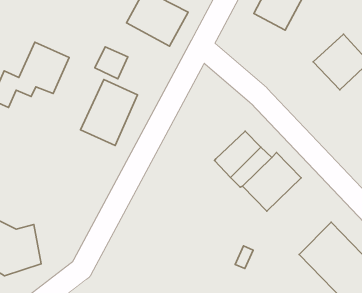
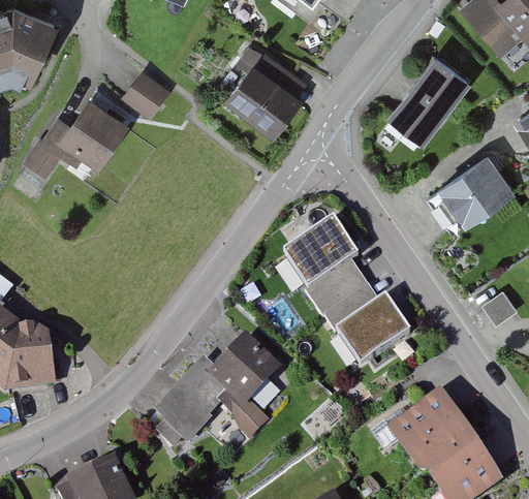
building: [95,47,128,79] -> [127,71,172,115]
building: [80,80,138,145] -> none
building: none -> [279,214,355,285]
building: none -> [160,335,289,437]

